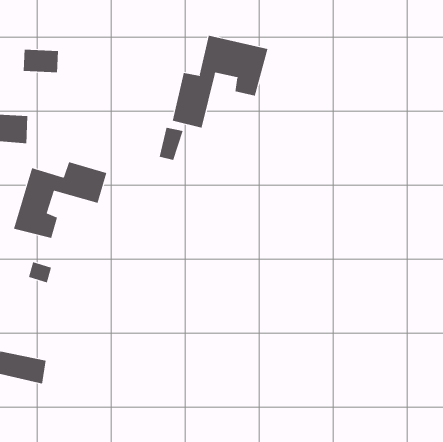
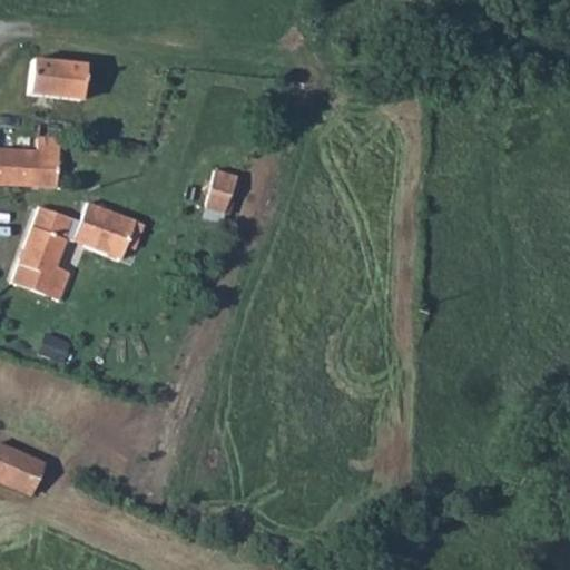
building: [172,35,268,129] -> none
building: none -> [35,147,63,185]

